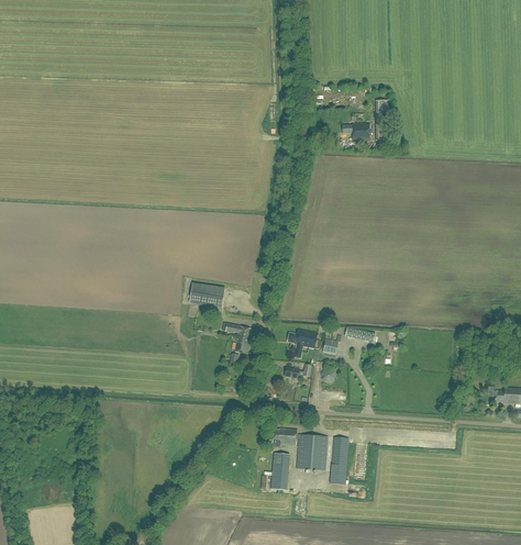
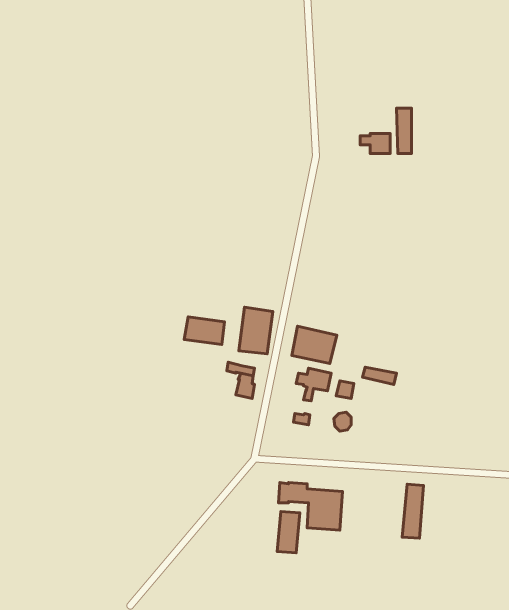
building: none -> [239,307,273,354]
building: none -> [292,326,337,364]
building: [330,436,348,483] -> [402,484,423,538]

